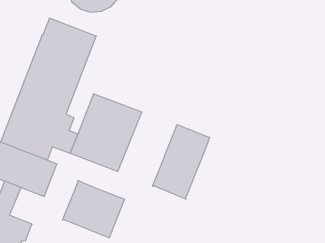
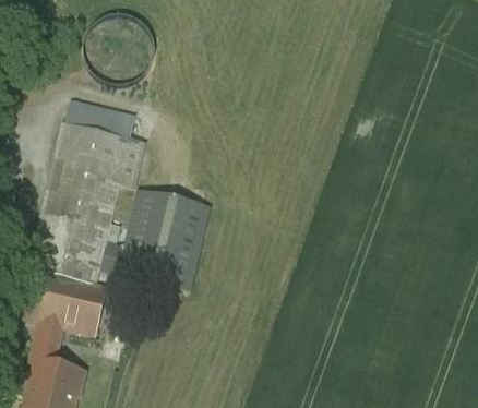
building: [153,125,210,199] -> none
building: [62,181,124,238] -> none

